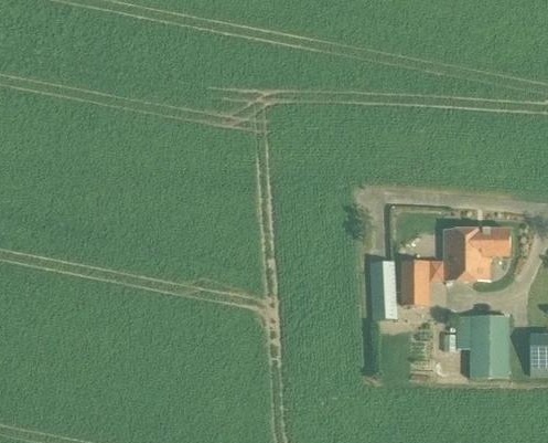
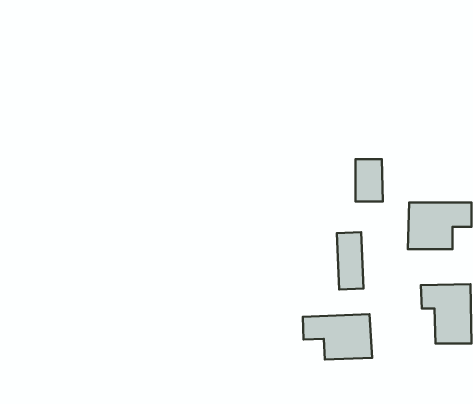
building: [401,261,430,305] -> [355,159,383,202]
building: none -> [303,314,372,360]

